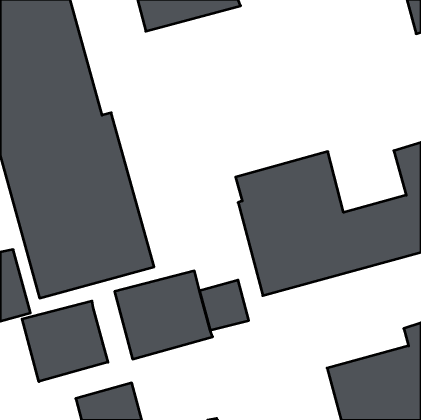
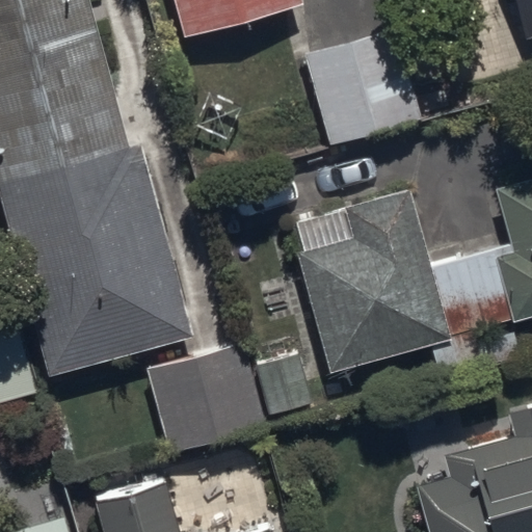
building: none -> [305,28,423,145]
building: [22,301,108,382] -> none

